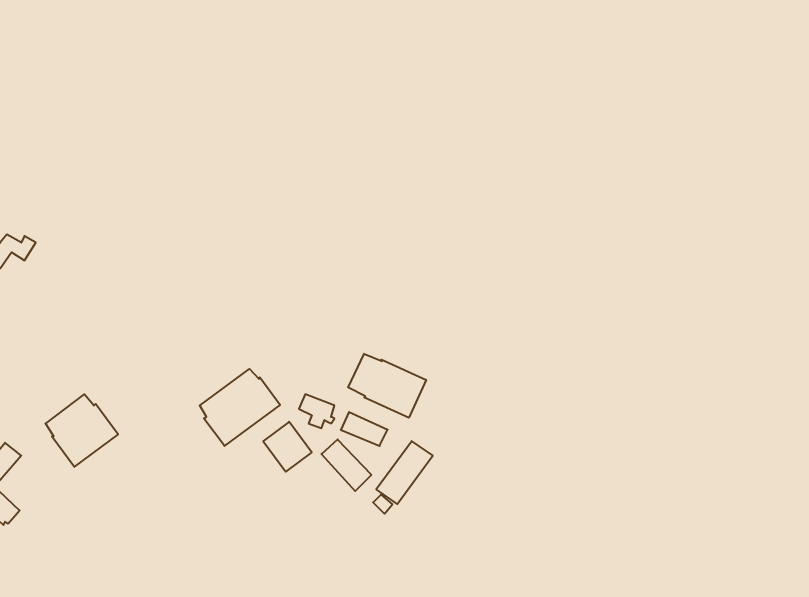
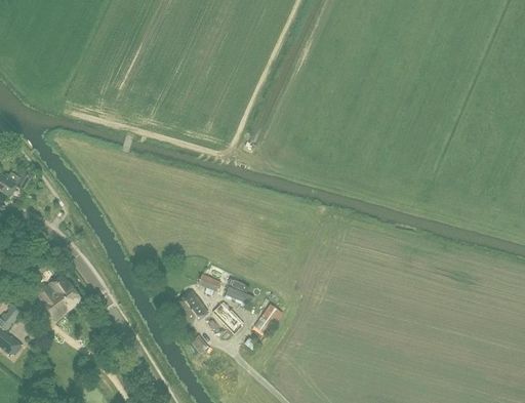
building: [348,354,426,418] -> none
building: [200,369,280,446] -> none

